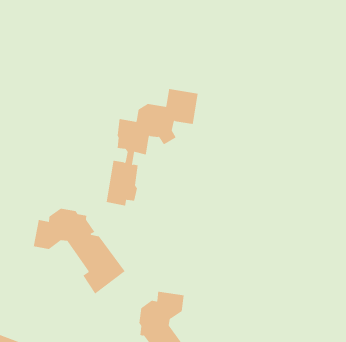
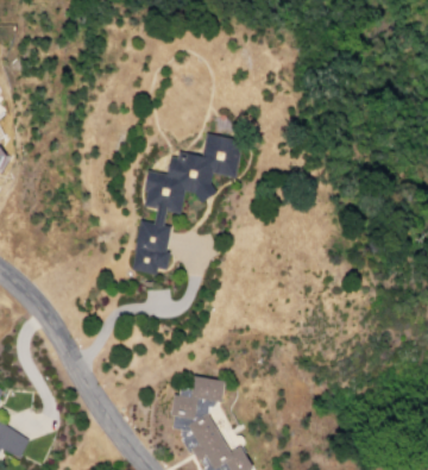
building: [33,208,126,295] -> none

